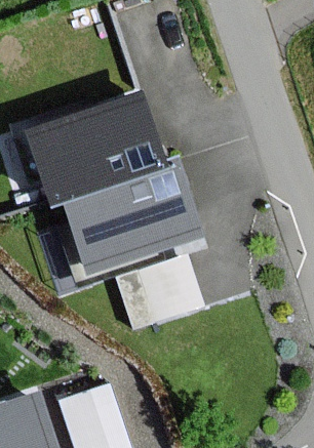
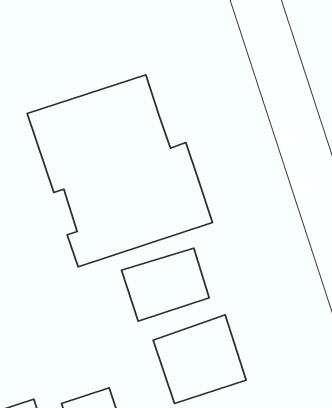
building: none -> [153,315,246,403]

